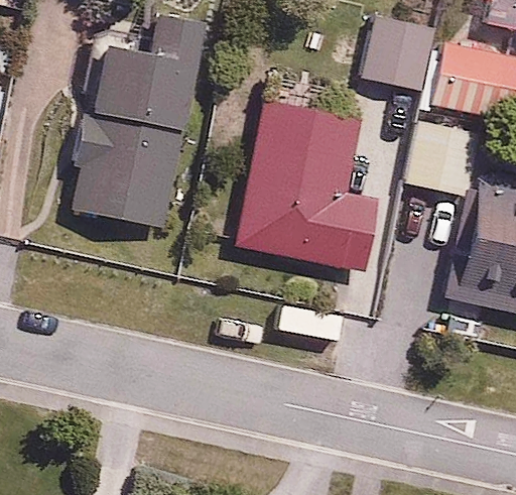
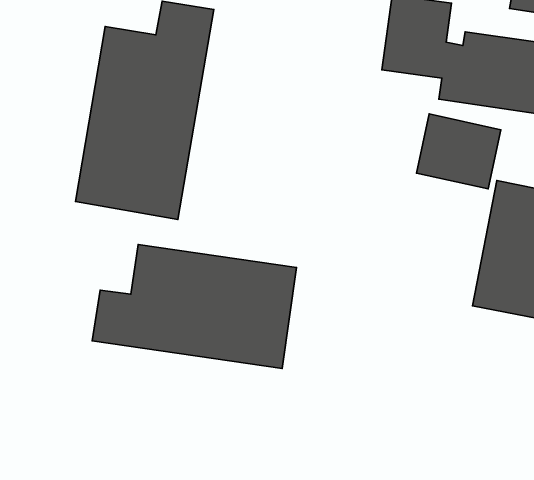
building: [237,102,375,266] -> none
building: none -> [92,244,296,368]

